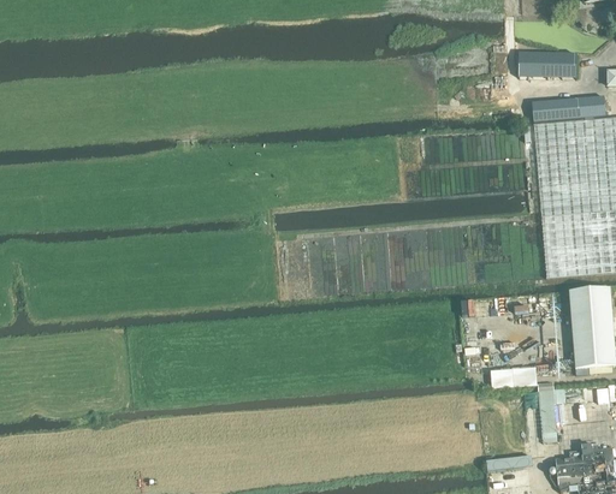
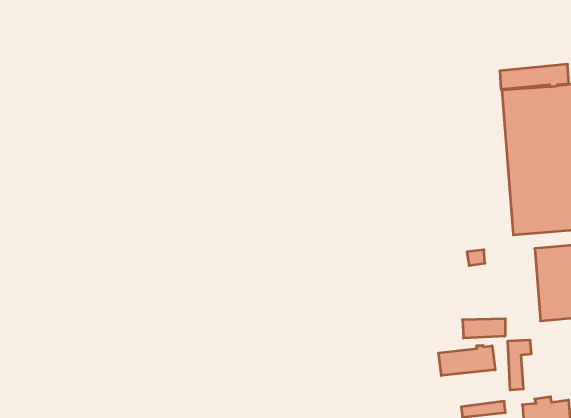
building: [519,53,578,75] -> none
building: none -> [439,345,495,376]

